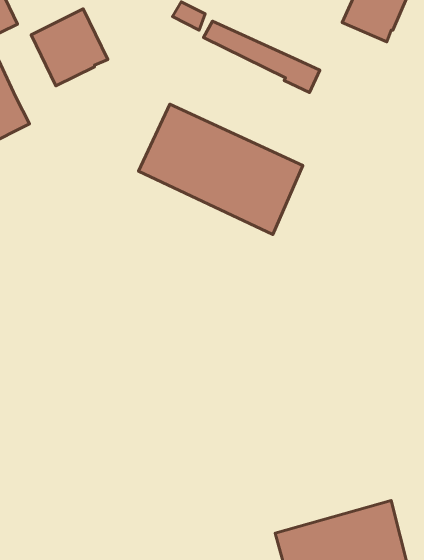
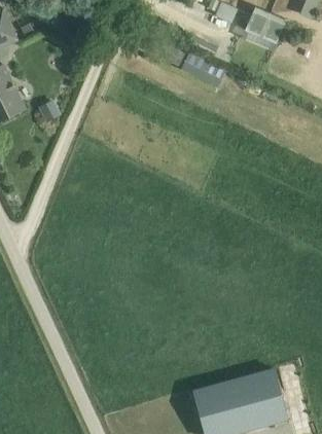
building: [31,9,108,86] -> none
building: [138,104,303,235] -> none

